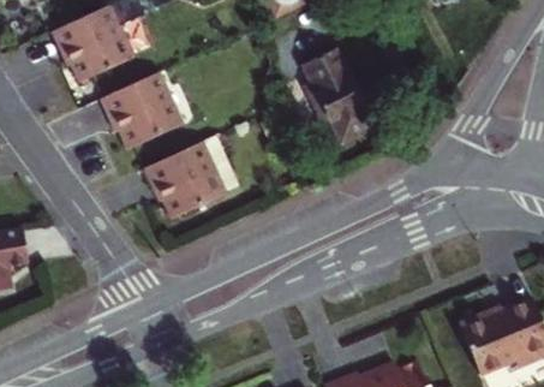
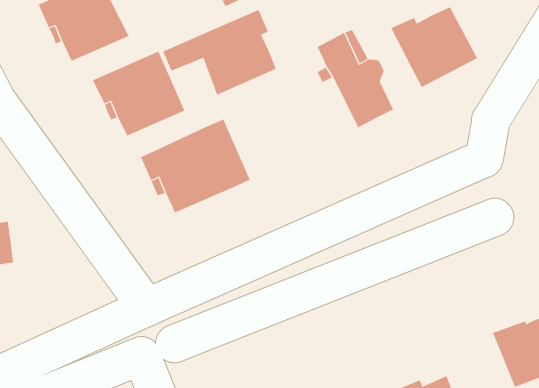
building: none -> [391,6,478,88]
building: none -> [162,9,276,96]

